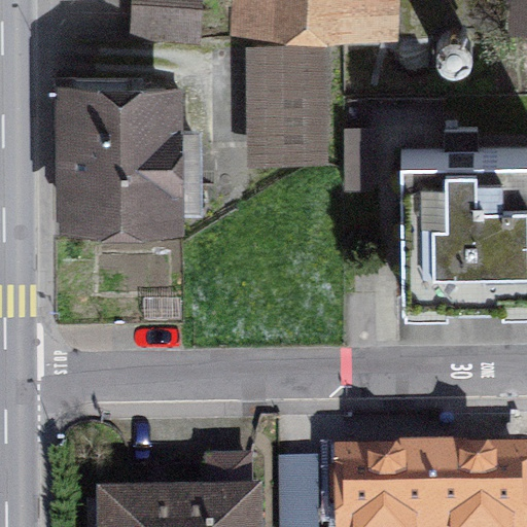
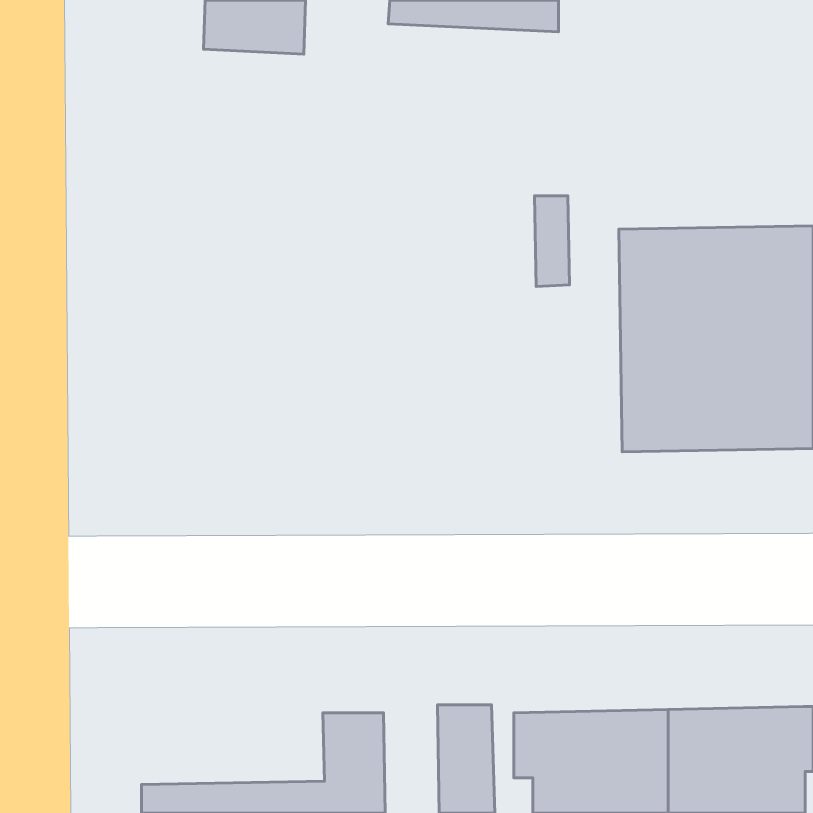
building: [256,43,324,142] -> none
building: [75,77,199,209] -> none

